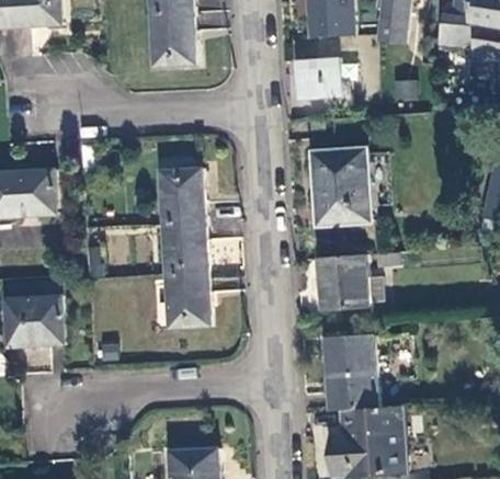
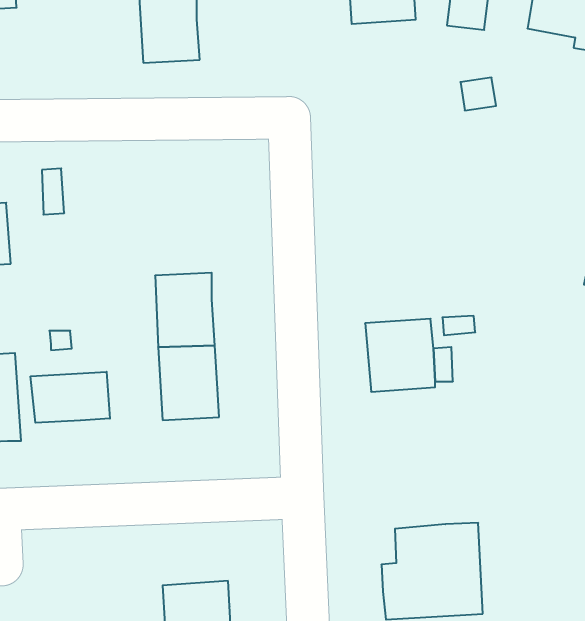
building: [295,57,340,99] -> none
building: [310,148,370,225] -> none
building: [159,168,204,223] -> none
building: none -> [31,372,110,423]
building: [323,335,376,410] -> none

